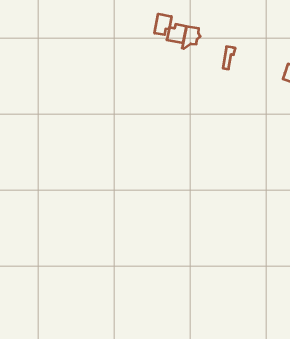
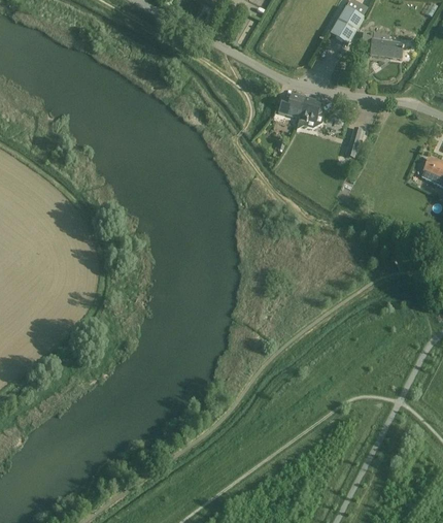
building: [155,14,171,35] -> none

